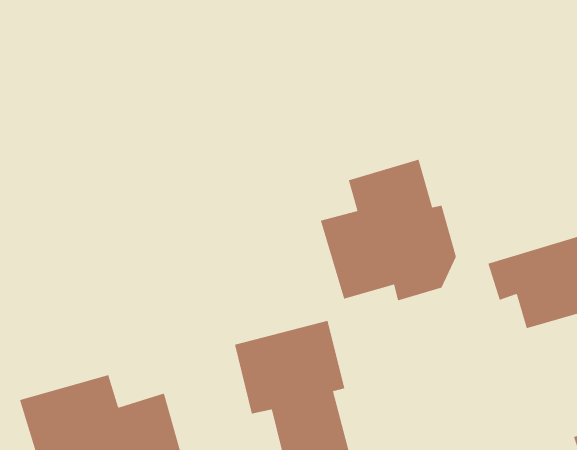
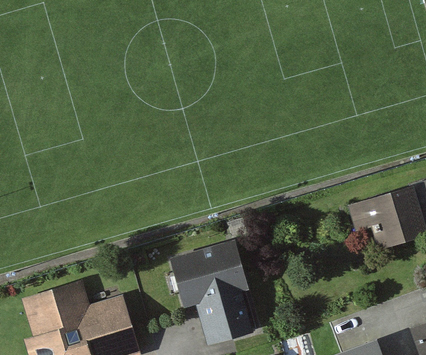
building: [320,159,456,301] -> none

